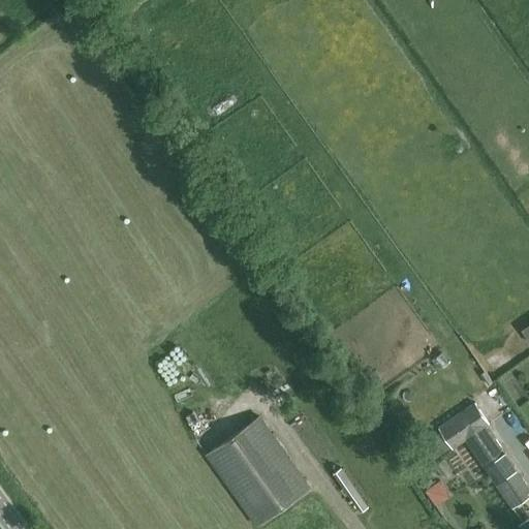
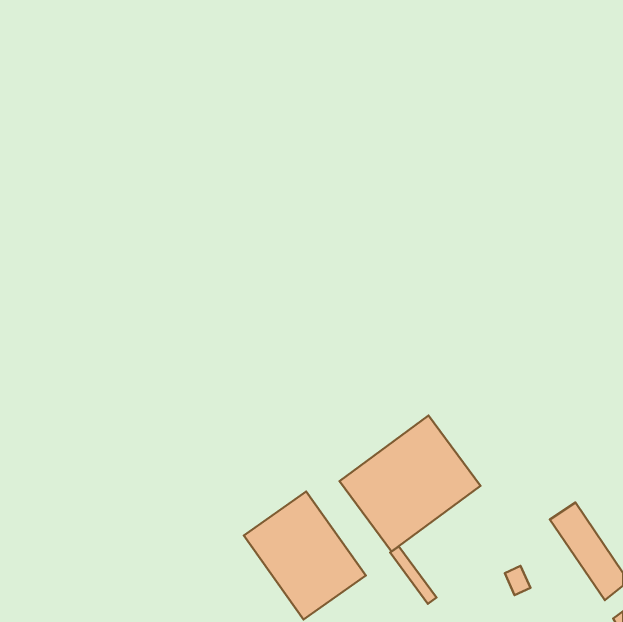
building: none -> [339,416,480,551]
building: [438,403,490,450] -> none

